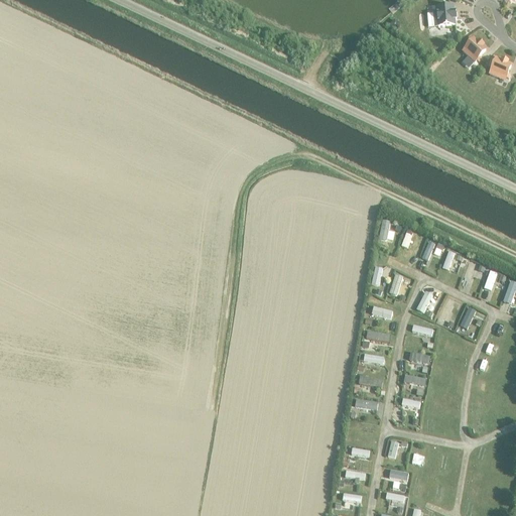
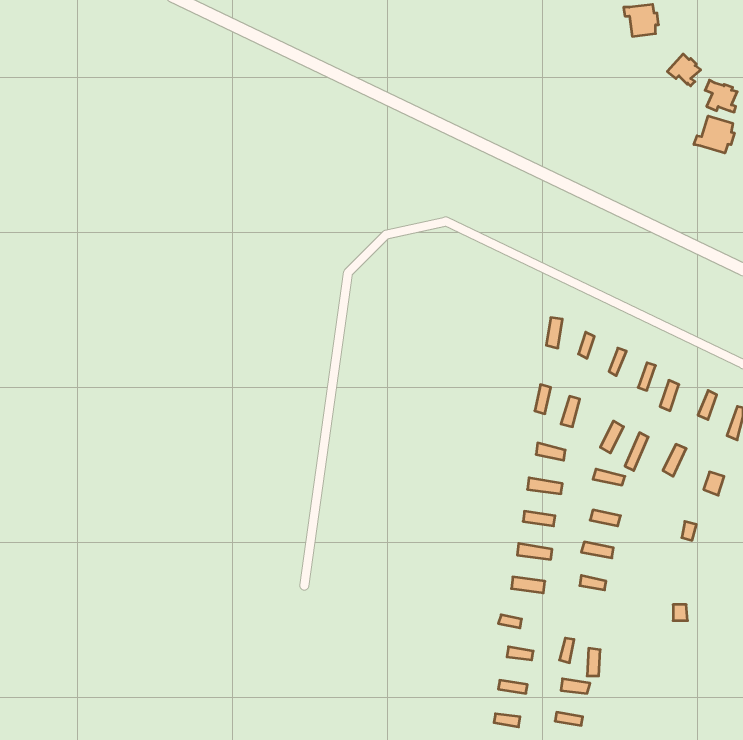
building: none -> [694,116,734,153]

